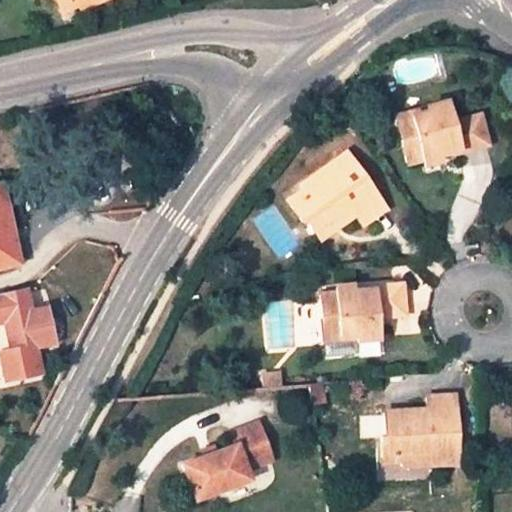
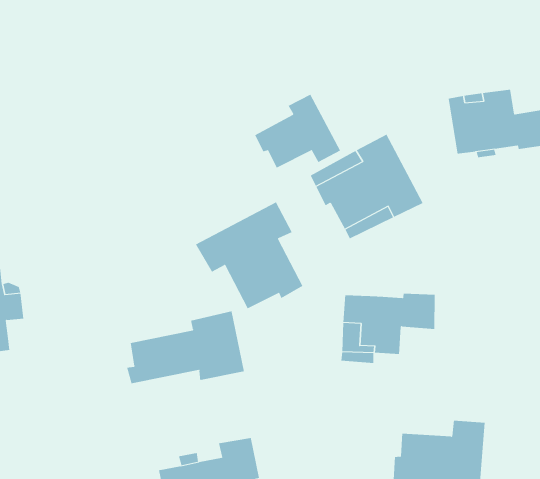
building: none -> [254,94,341,168]
building: none -> [195,201,303,309]
building: none -> [127,310,244,384]

